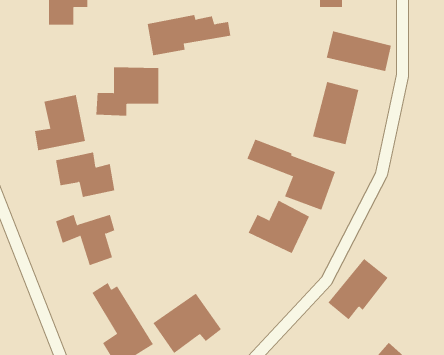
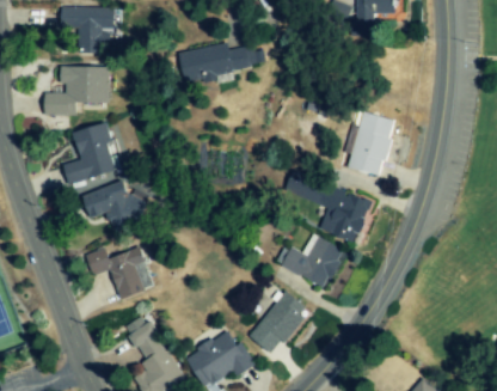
building: [326,31,392,72] -> none
building: [96,67,159,116] -> [44,66,109,116]
building: [328,258,389,320] -> [249,289,311,353]

